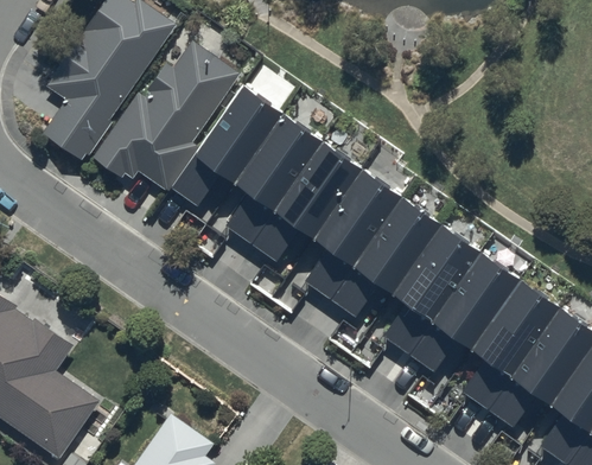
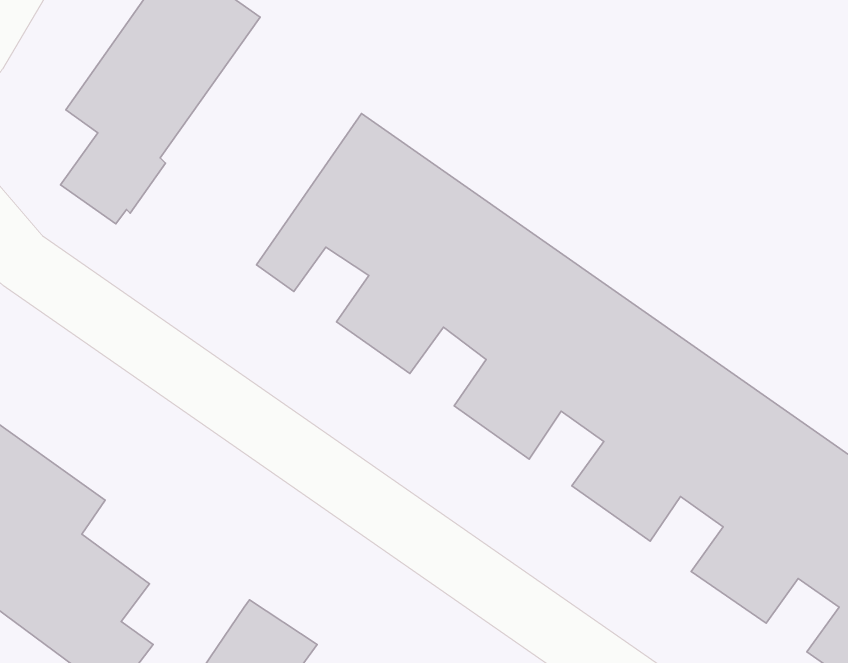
building: [93,42,238,189] -> none

